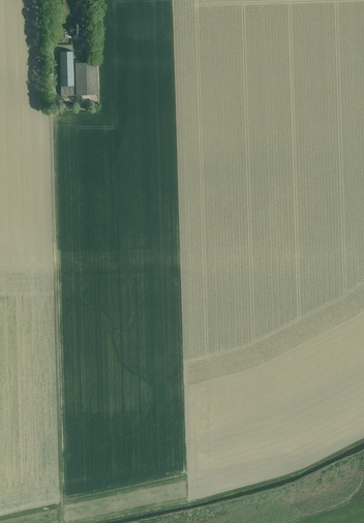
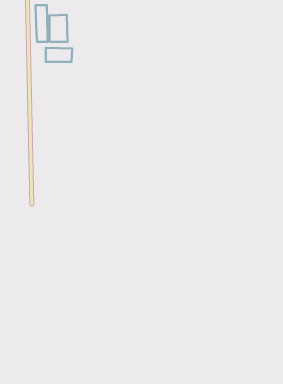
building: none -> [46,48,72,62]

